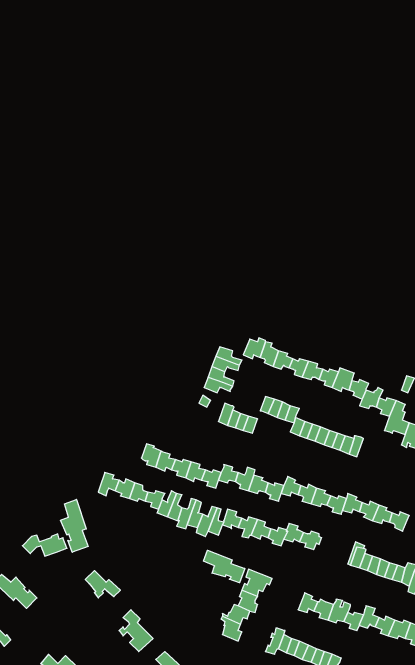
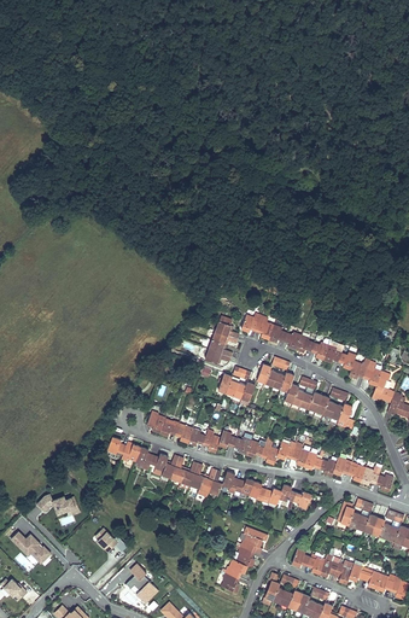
building: [60,499,88,552] -> none
building: [204,550,245,583] -> none

